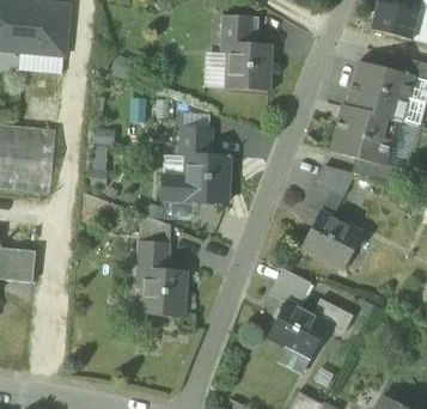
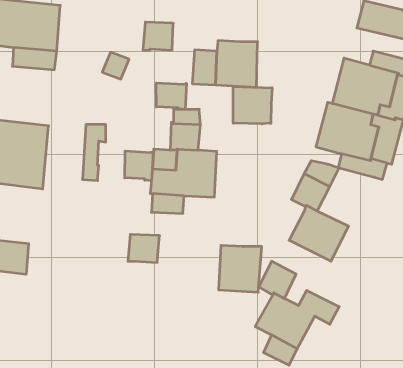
building: [221,14,252,43] -> [143,22,173,50]
building: none -> [156,83,186,109]
building: none -> [233,86,272,124]
building: none -> [125,151,153,181]
building: [141,268,185,316] -> [219,245,262,292]

